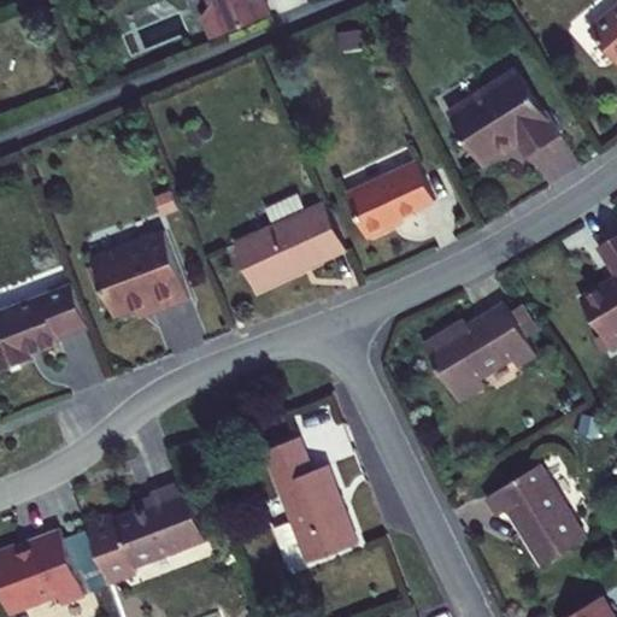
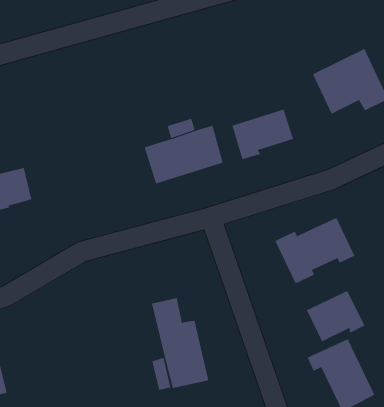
building: [92,234,188,319] -> none
building: none -> [306,290,365,342]
building: [86,481,205,582] -> none

